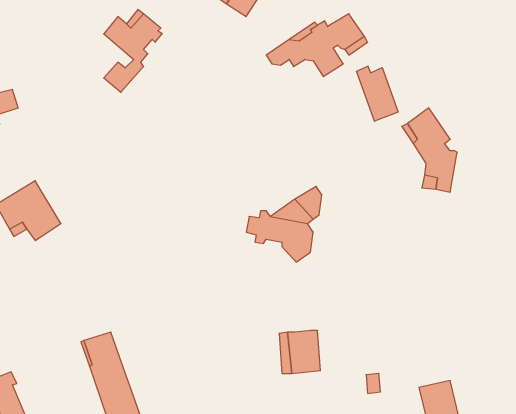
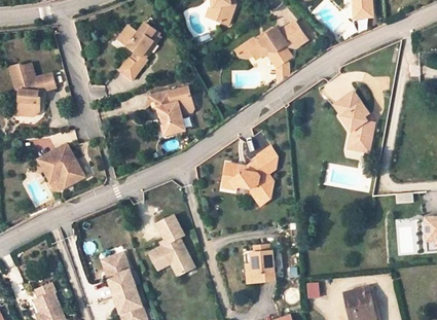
building: [357,66,398,121] -> none
building: none -> [148,88,195,137]
building: none -> [147,214,193,275]

